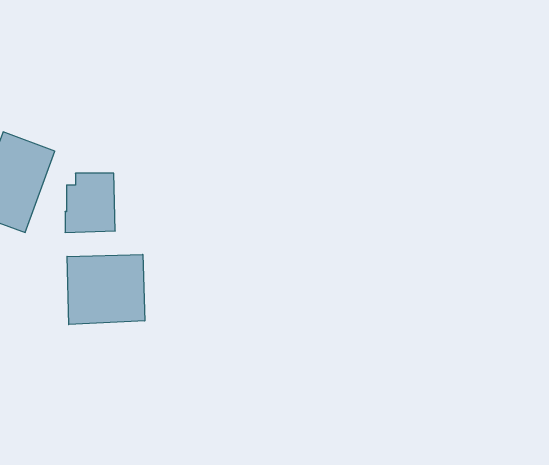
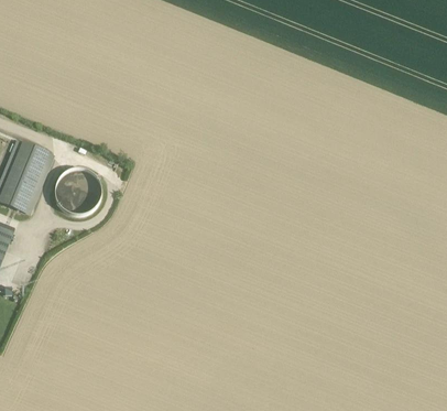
building: [67,254,145,325] -> none

